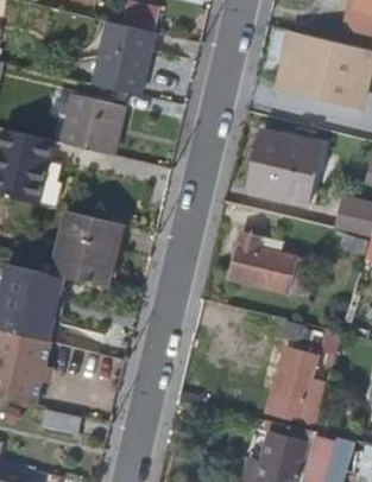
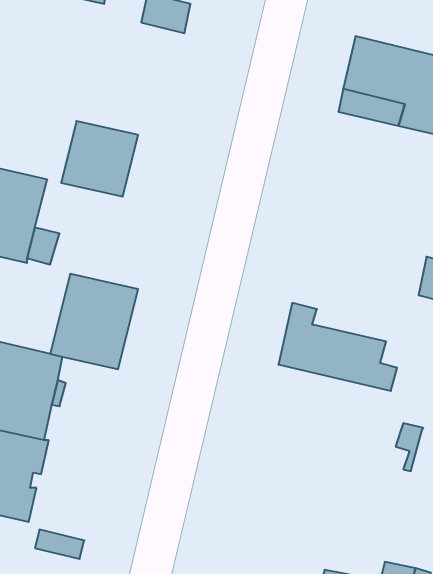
building: [92,20,153,93] -> none
building: [246,129,317,203] -> none
building: [272,347,326,417] -> none

